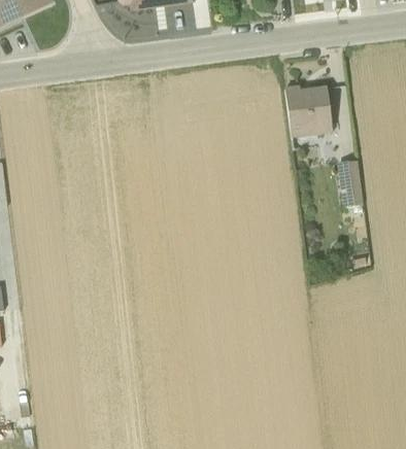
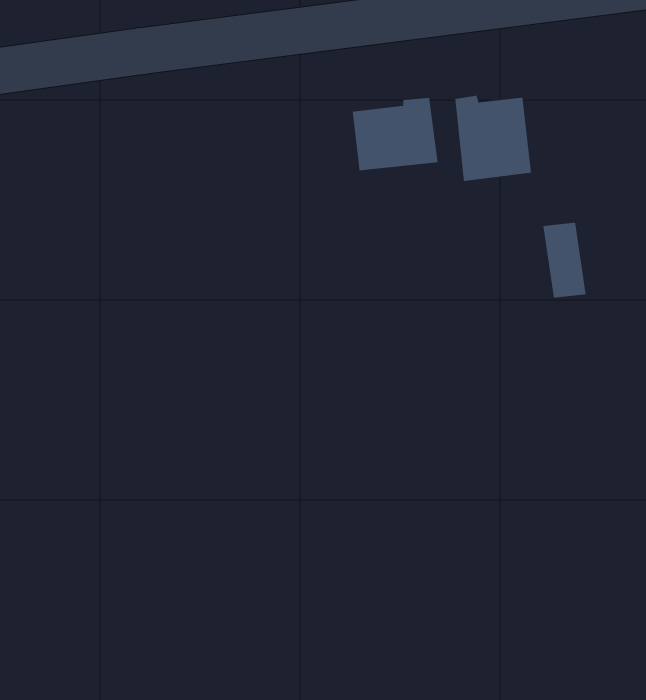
building: none -> [352,97,438,171]

